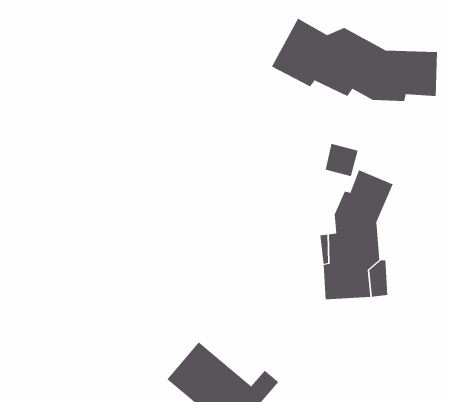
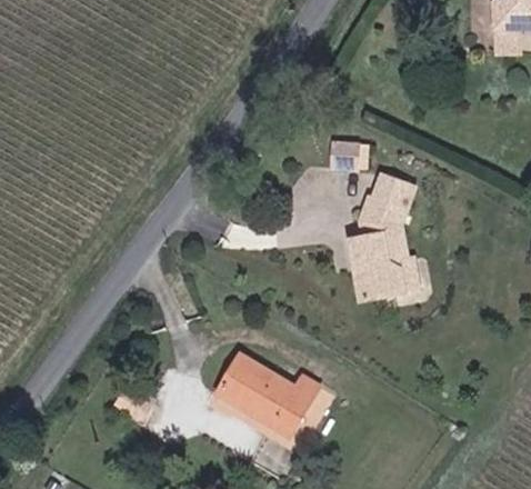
building: [271,18,437,102] -> none

